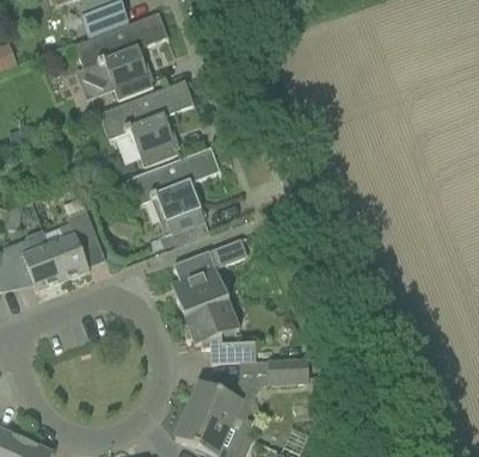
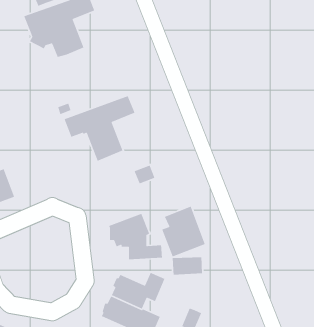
building: [99,80,195,167] -> none
building: [48,209,98,282] -> none
building: [170,251,228,319] -> [161,205,206,257]

